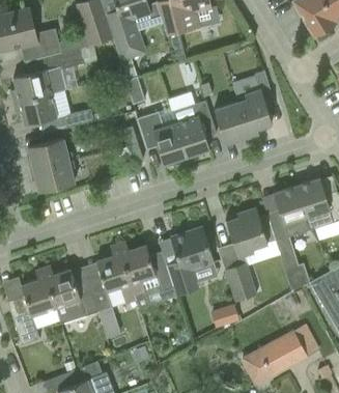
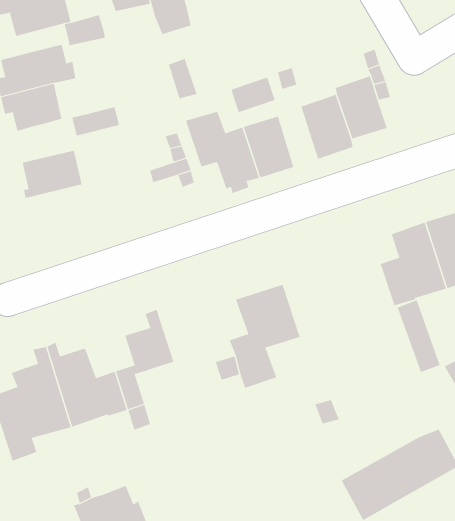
building: [30,161,75,192] -> none
building: [222,207,267,301] -> none
building: [118,242,156,308] -> none

